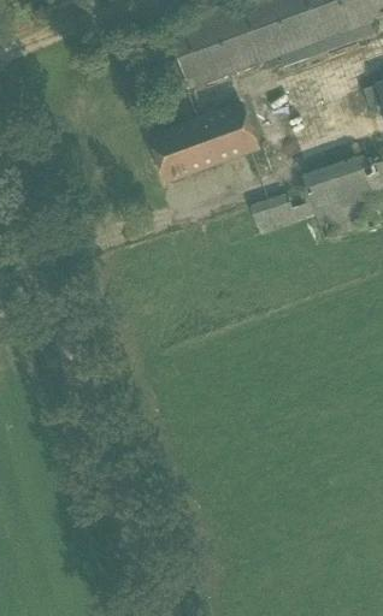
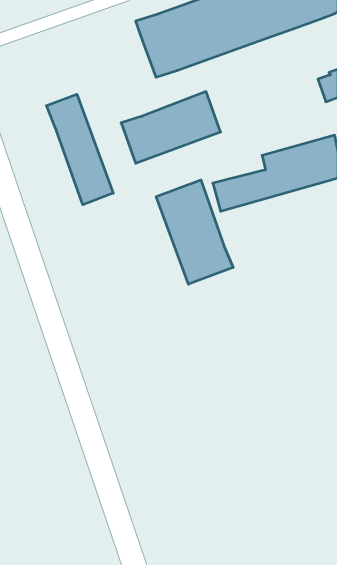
building: none -> [46,94,113,205]
building: none -> [156,180,233,284]

